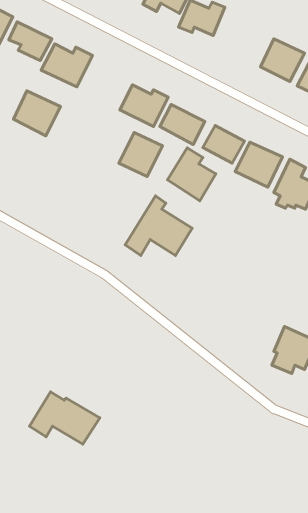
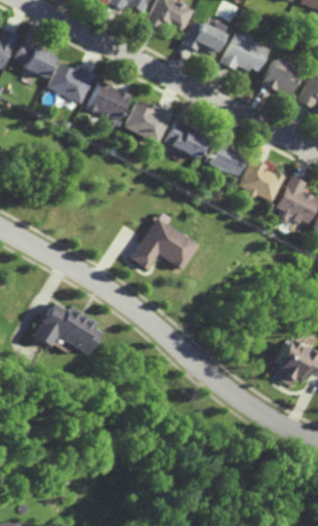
building: none -> [222,32,270,74]
building: [13,91,61,136] -> [87,79,133,123]
building: [119,133,162,176] -> none
building: [168,148,216,201] -> none
building: [30,392,100,444] -> [33,302,102,353]

